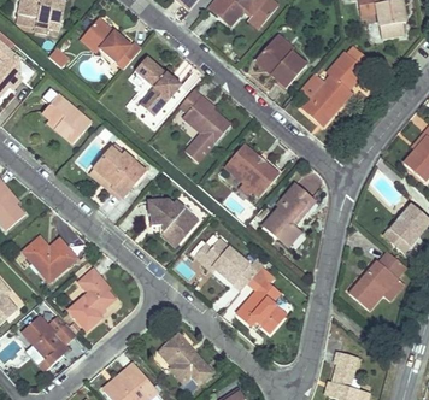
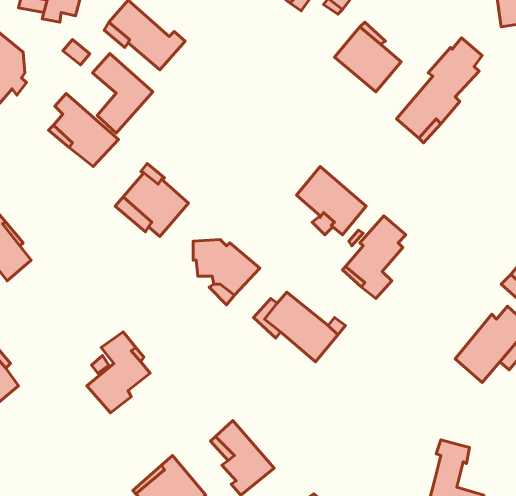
building: [135,55,181,116] -> [92,54,153,133]
building: [175,88,230,161] -> none
building: [23,237,76,283] -> none
building: [239,282,284,331] -> none
building: [22,316,76,372] -> none

